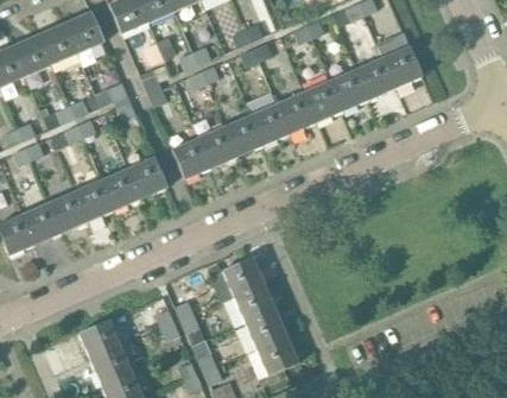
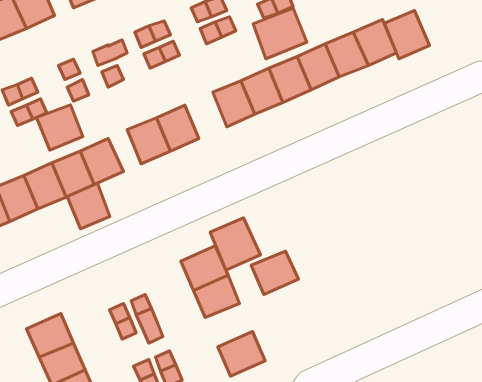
building: none -> [253,8,307,59]
building: none -> [385,11,429,59]
building: [224,113,264,156] -> none
building: none -> [36,105,83,150]
building: none -> [67,183,110,229]
building: none -> [210,218,260,270]
building: [243,309,287,349] -> [251,251,298,295]

